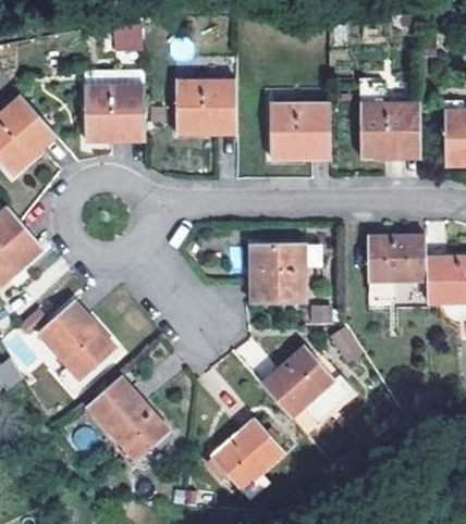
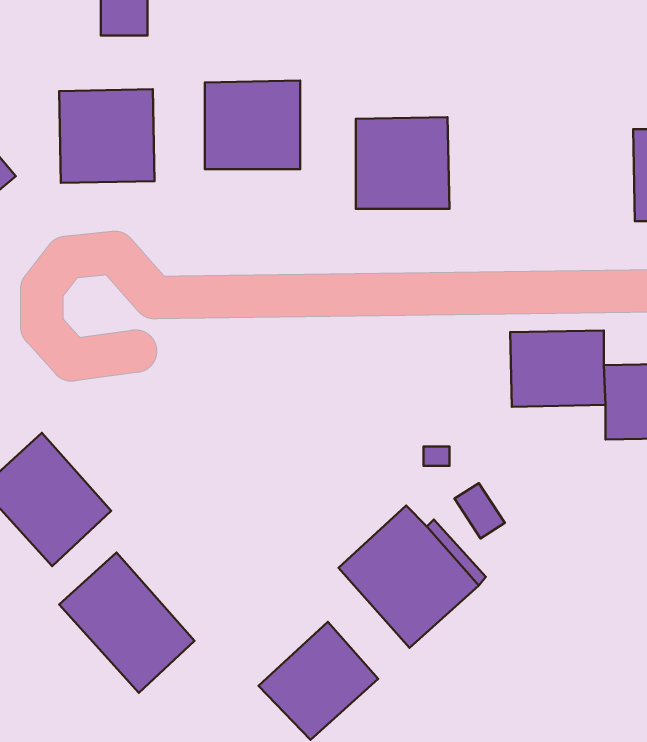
building: [358,80,418,159] -> none
building: [249,244,305,303] -> none

